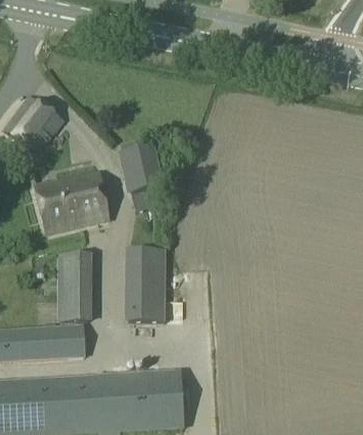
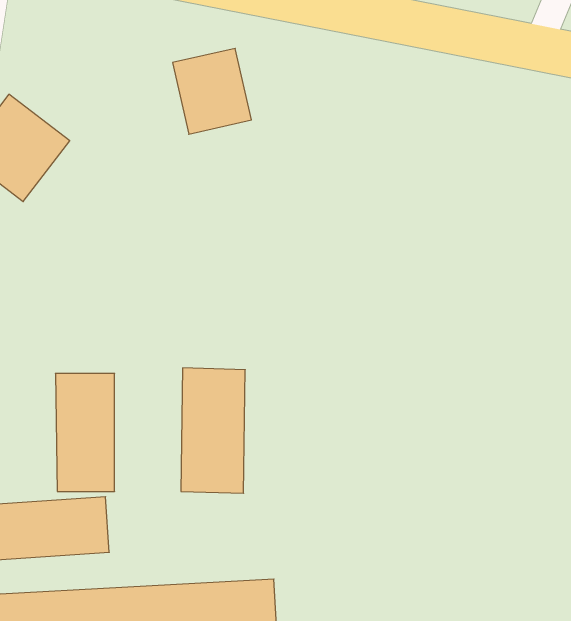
building: [119,148,164,198] -> [173,48,251,134]
building: [32,172,109,234] -> none

